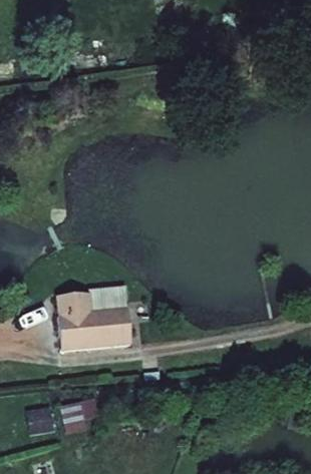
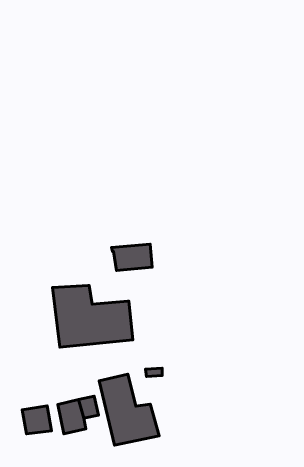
building: [88,285,127,310] -> [111,244,152,270]
building: none -> [99,374,159,445]

